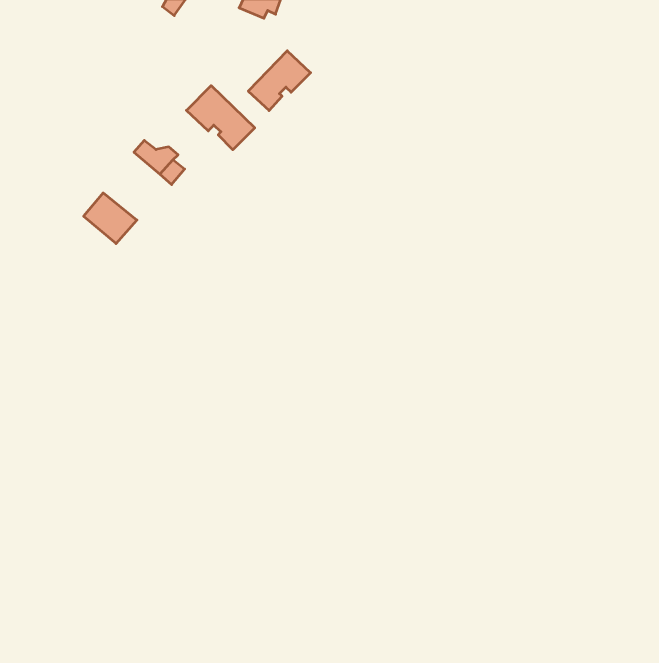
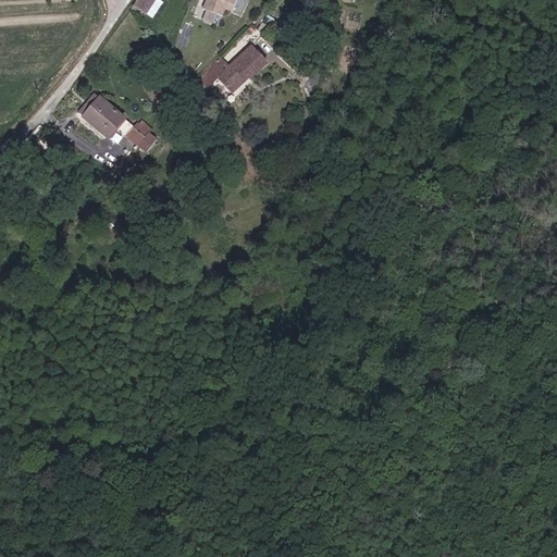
building: [186,86,255,150] -> none
building: [84,193,137,244] -> [81,95,125,137]

